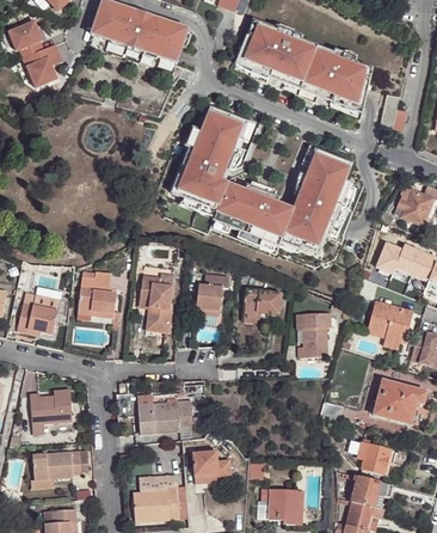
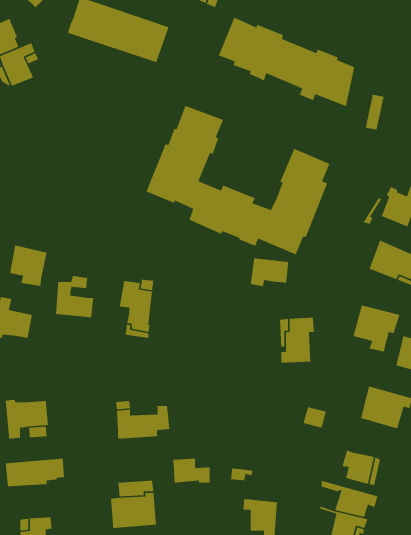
building: none -> [9,245,48,287]
building: [193,276,228,317] -> none
building: [241,289,279,318] -> [250,258,289,287]

